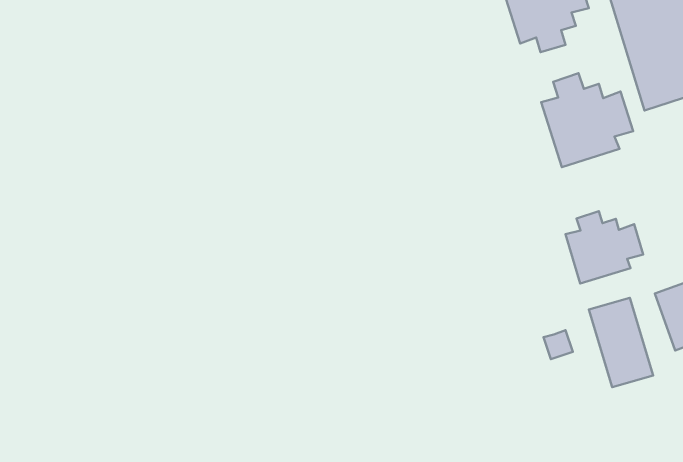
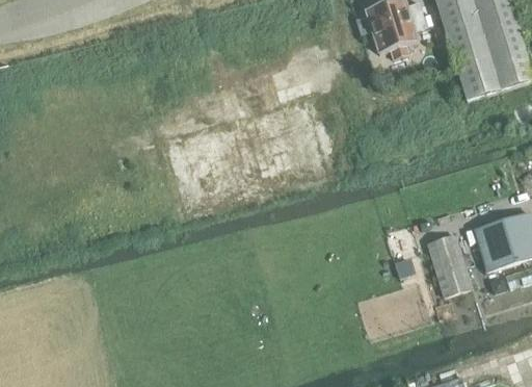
building: [541,73,633,167] -> none
building: [565,211,643,283] -> none

